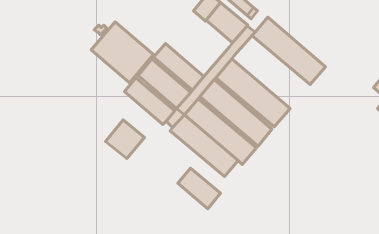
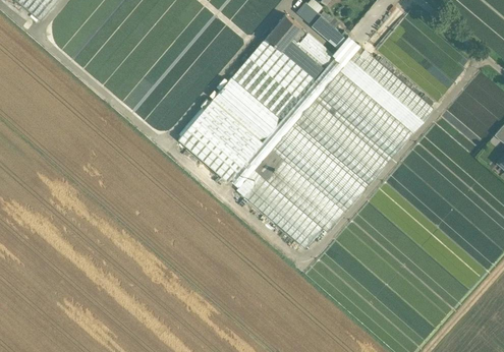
building: [91,22,154,83] -> [229,41,309,118]
building: none -> [315,71,408,157]
building: [105,120,144,159] -> none
building: [178,168,220,209] -> none

